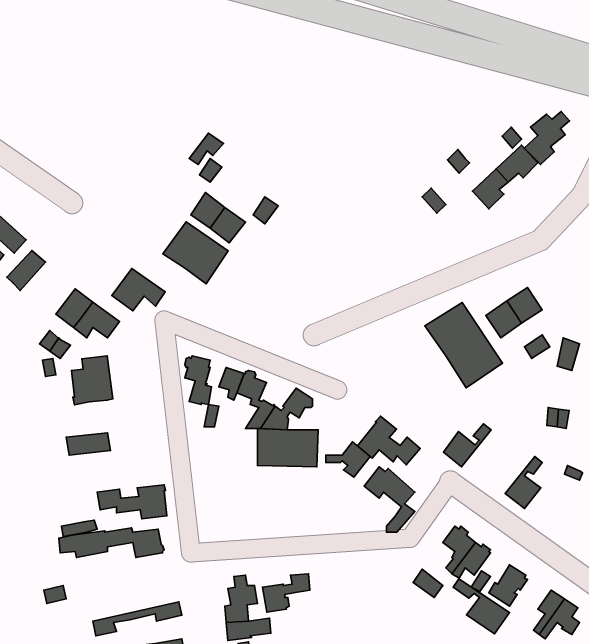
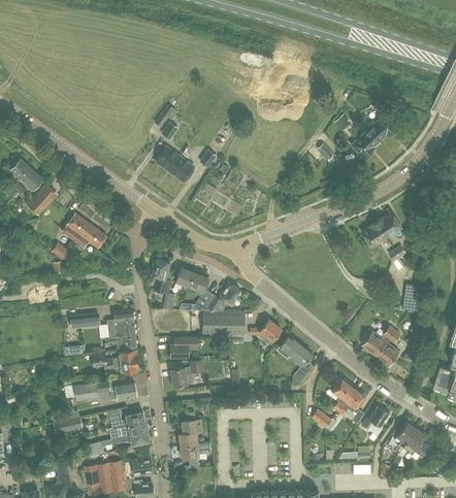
building: [524,112,569,165] -> none
building: [163,222,228,284] -> none
building: [112,268,165,311] -> none
building: [425,303,502,388] -> none
building: [71,356,113,405] -> [107,309,136,343]
building: [357,416,420,465] -> none
building: [444,424,491,467] -> [362,326,395,356]
building: none -> [170,338,198,357]
building: none -> [108,411,149,439]
building: [262,574,310,612] -> [170,360,203,387]
building: [453,579,509,634] -> none

